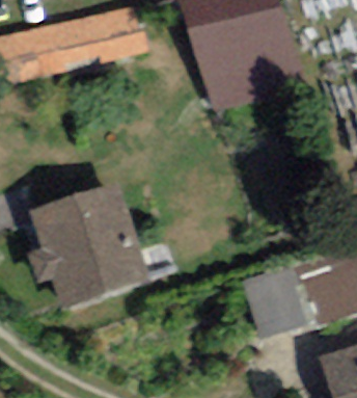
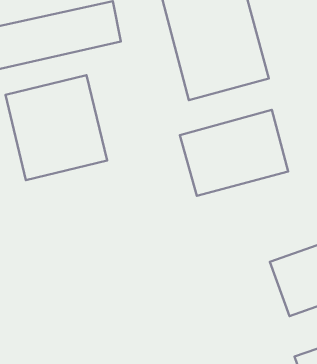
building: none -> [180,110,288,196]
building: [36,194,139,300] -> [5,75,107,180]

